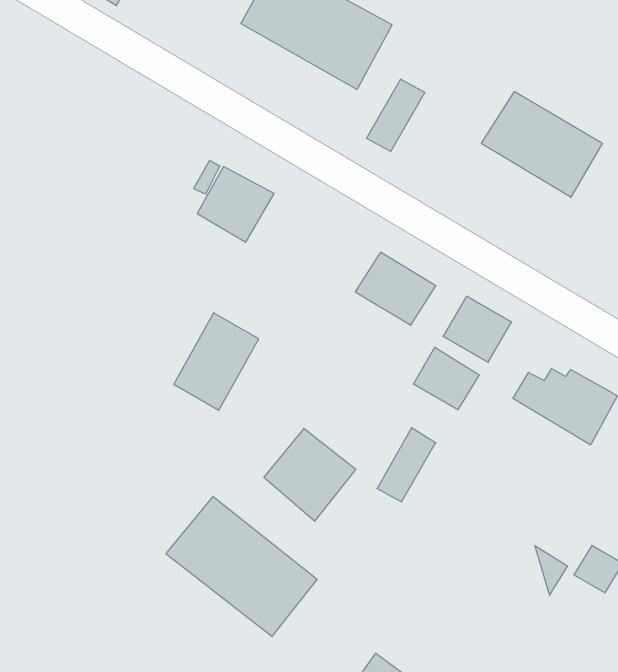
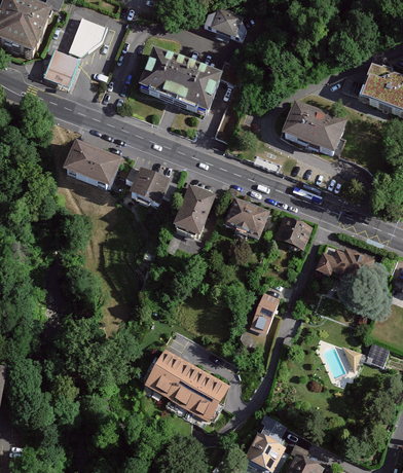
building: none -> [62,139,122,190]
building: [174,313,259,410] -> [175,185,217,238]
building: [414,347,479,410] -> none
building: [264,428,356,521] -> none

